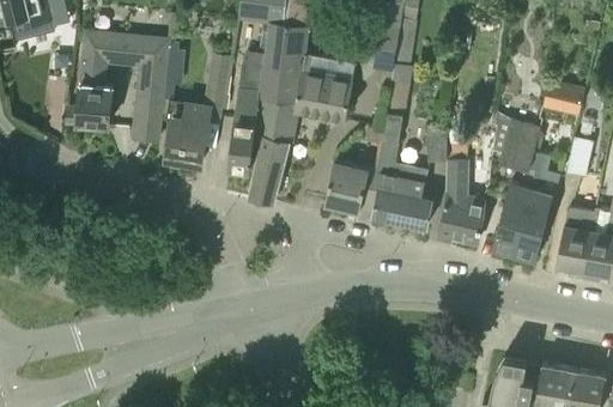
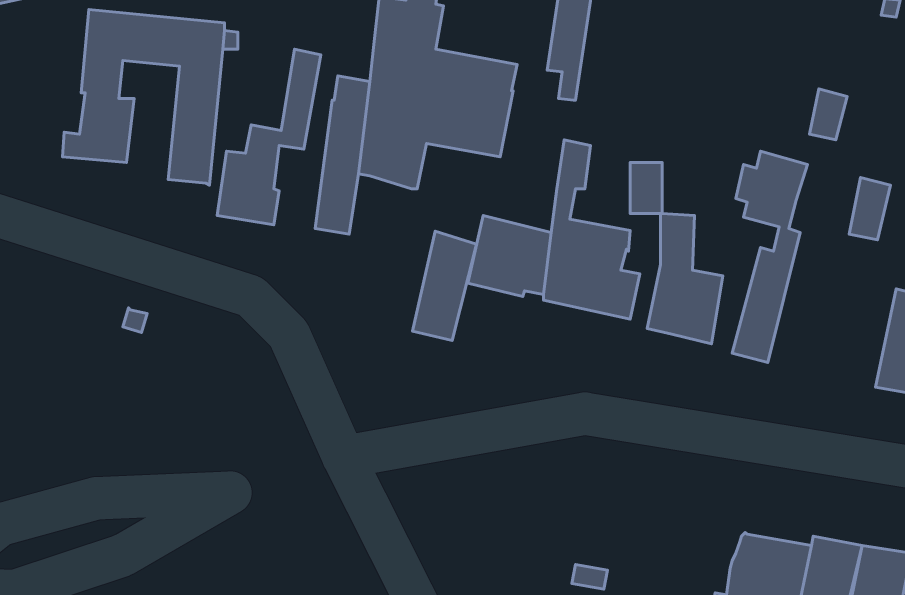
building: [248,136,289,206] -> [413,231,477,341]
building: [515,152,557,260] -> none
building: [556,207,596,271] -> none

